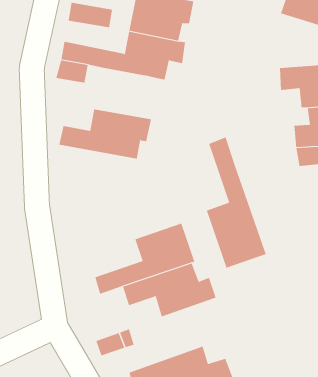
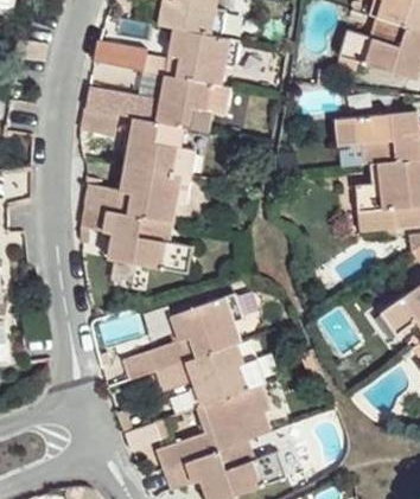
building: none -> [123,117,196,177]
building: [206,137,267,269] -> none
building: none -> [79,206,191,274]
building: none -> [158,384,273,469]

